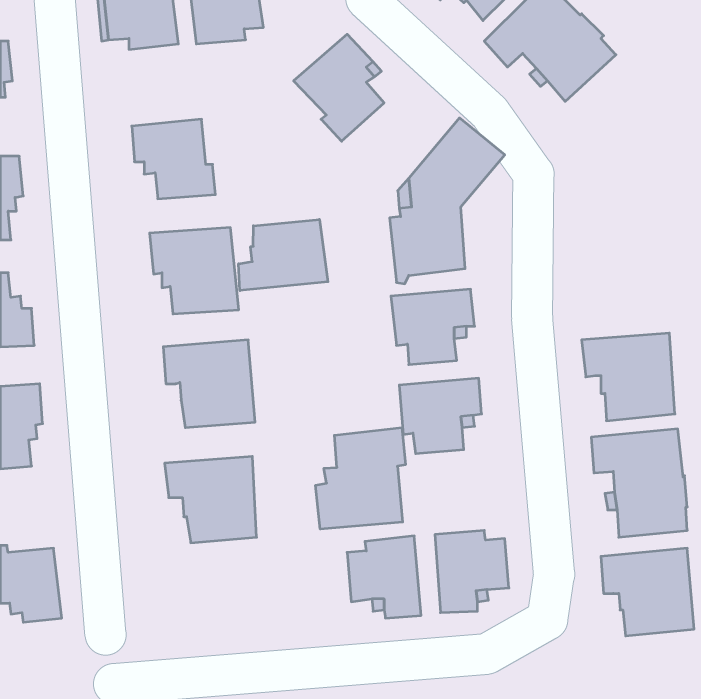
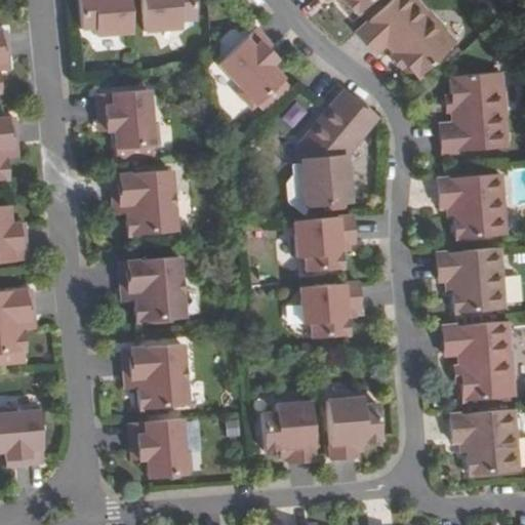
building: none -> [440,72,509,152]
building: [239,219,328,291] -> none
building: none -> [436,174,504,239]
building: [316,428,405,529] -> none
building: none -> [128,417,192,478]

